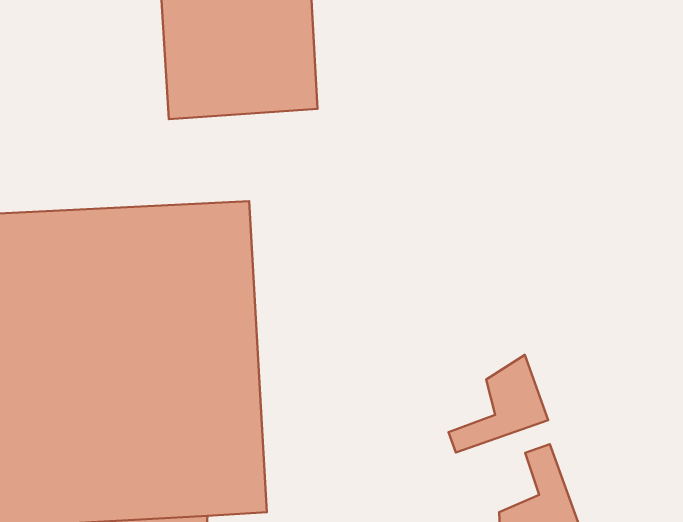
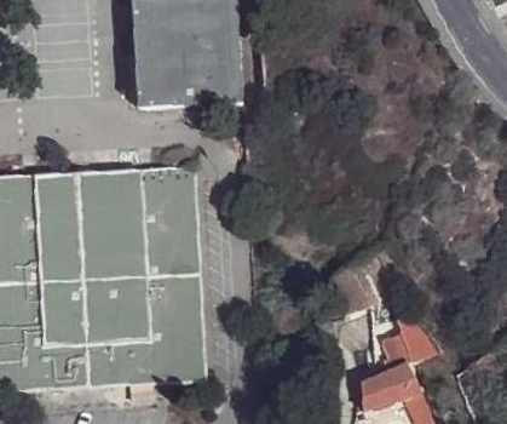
building: [449,355,548,453] -> none

